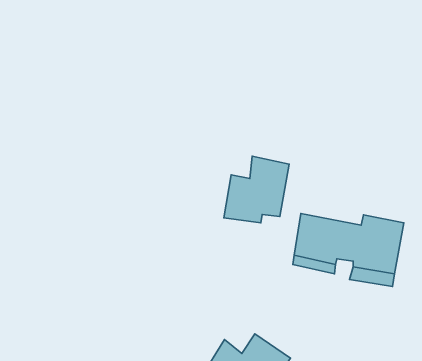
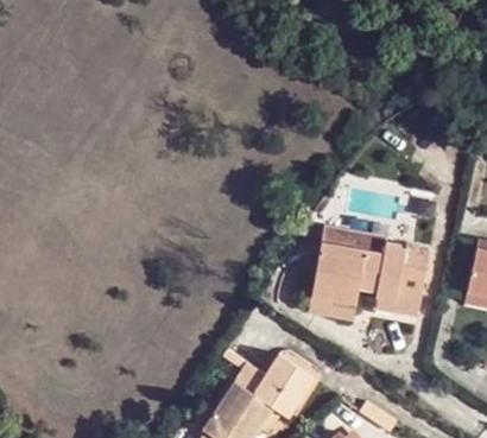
building: [224,156,289,223] -> none

